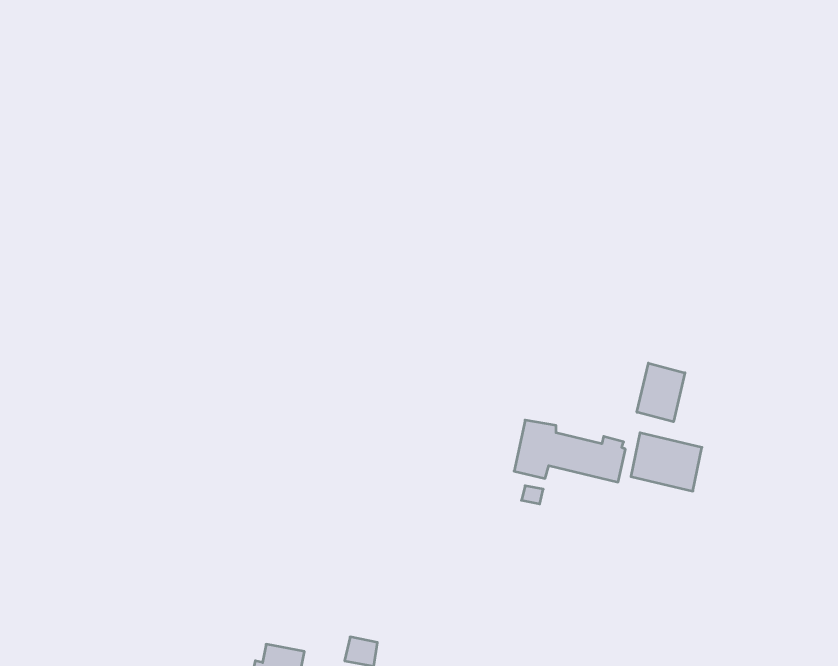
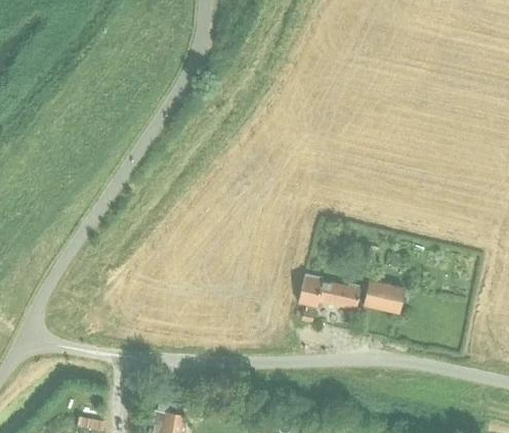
building: [637,363,685,422] -> none

